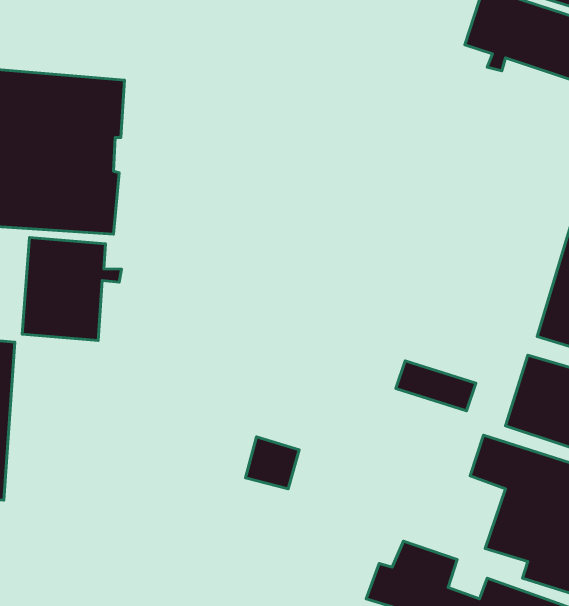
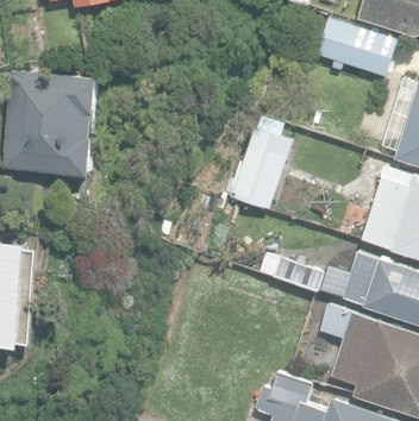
building: none -> [231,126,294,209]
building: [22,238,122,341] -> none

